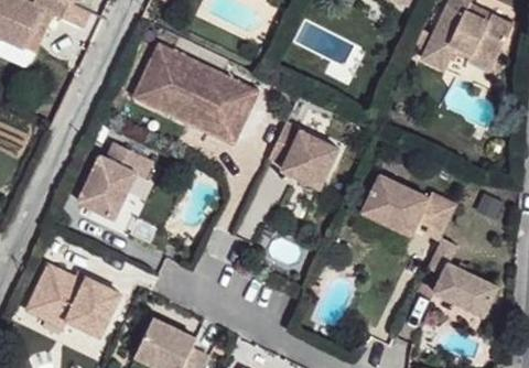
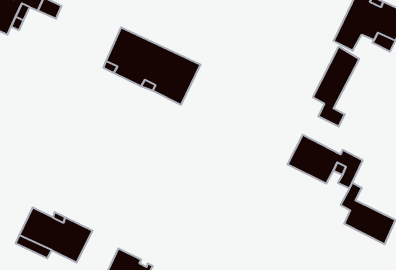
building: none -> [313,47,359,127]
building: [270,123,339,188] -> none
building: [69,142,155,235] -> none

